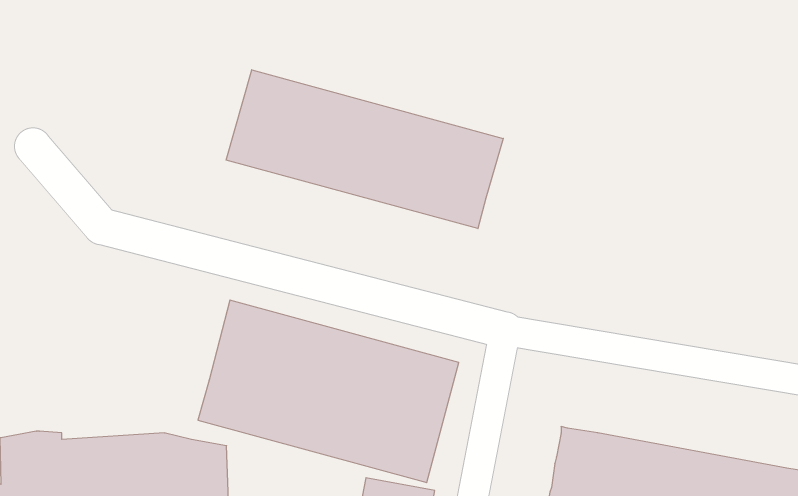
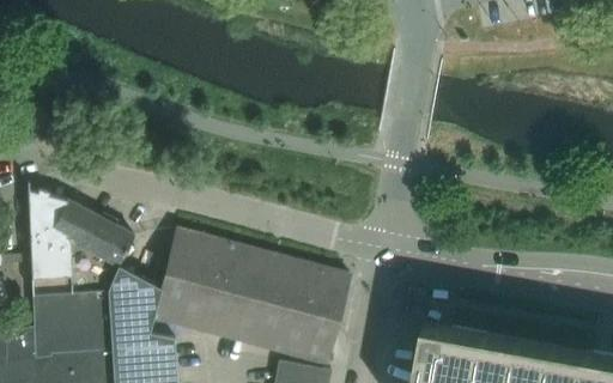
building: [226,70,503,229] -> none
building: none -> [28,180,162,330]

